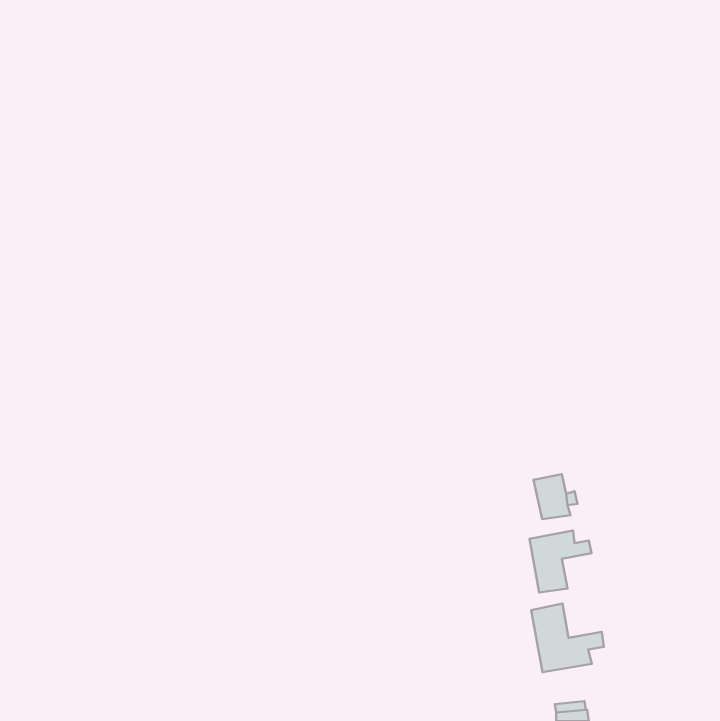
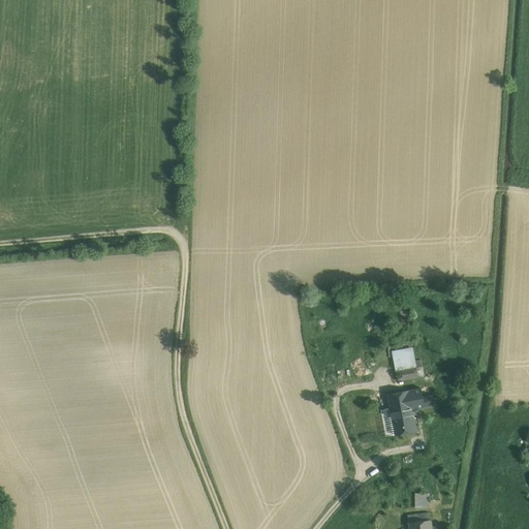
building: [531,603,604,672] -> none

